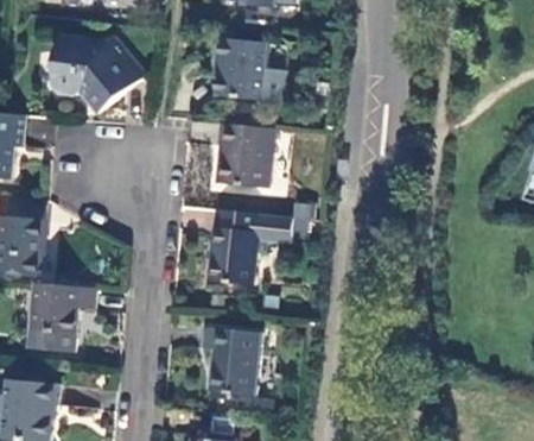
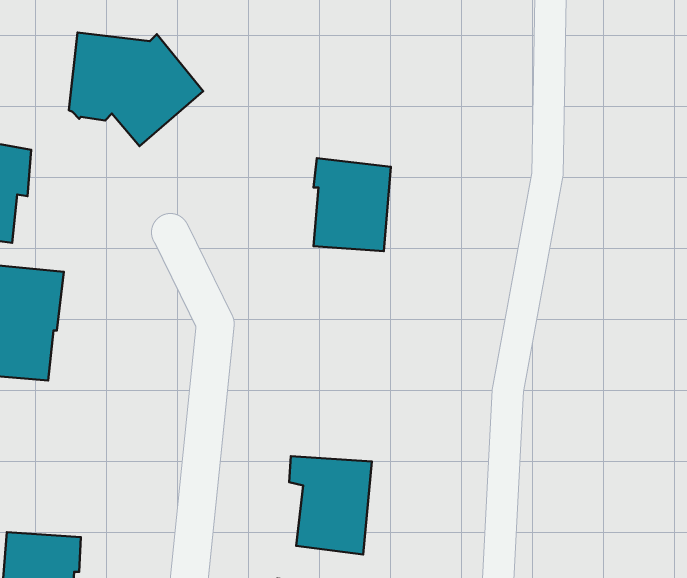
building: [218,37,286,101] -> none
building: [209,209,293,285] -> none
building: [31,283,96,352] -> none

